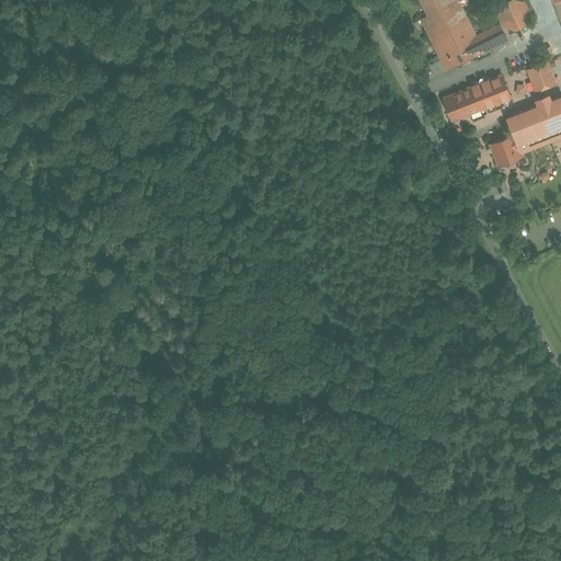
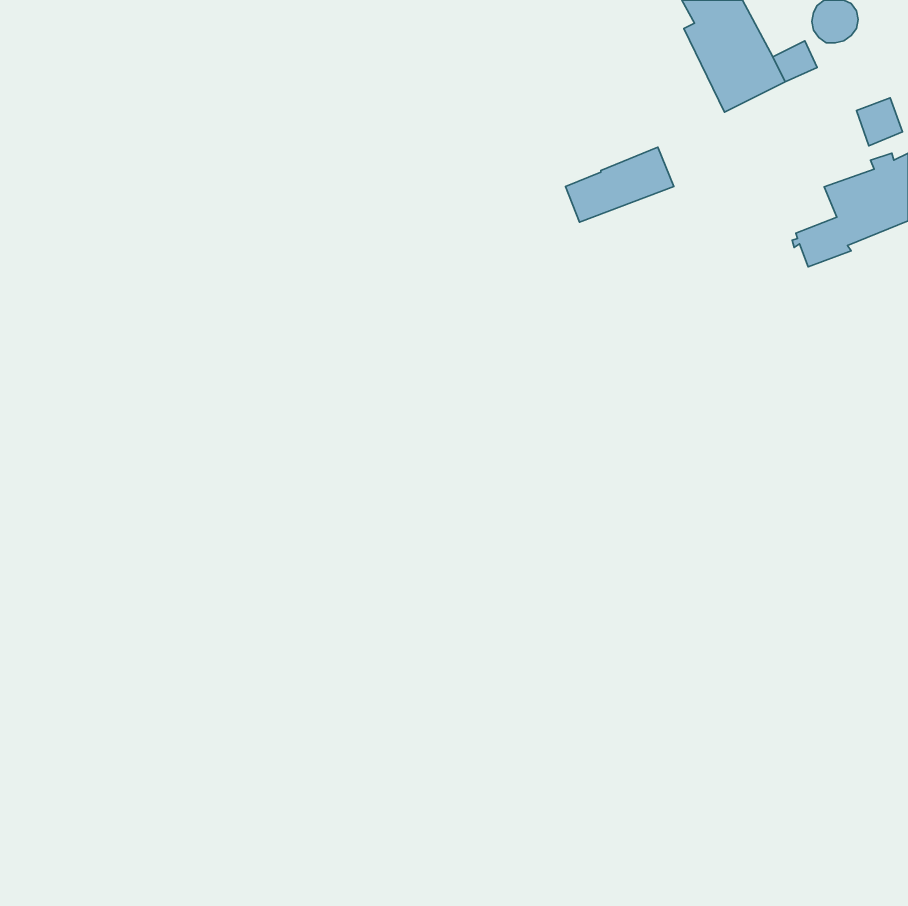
building: [444,75,511,121] -> [565,147,674,222]

